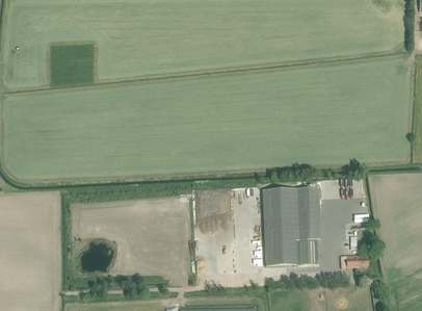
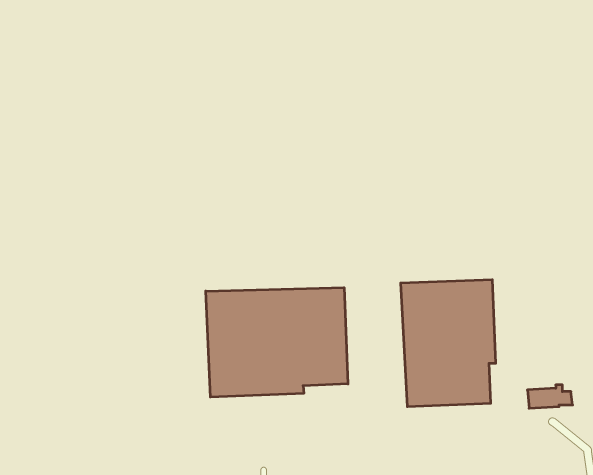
building: none -> [206,288,348,397]

